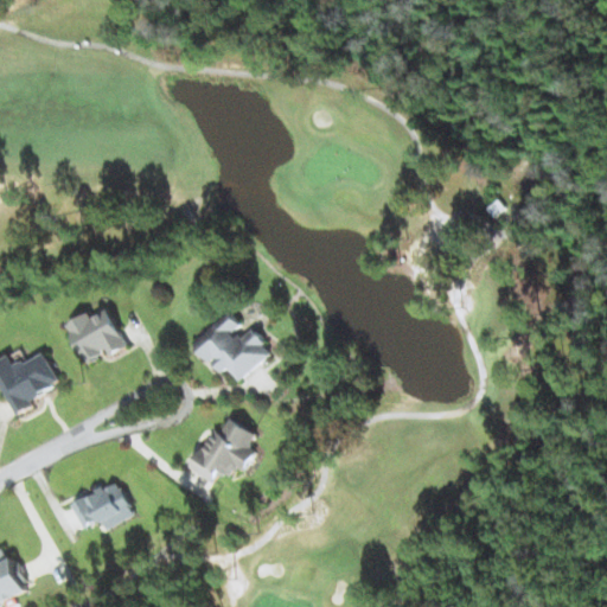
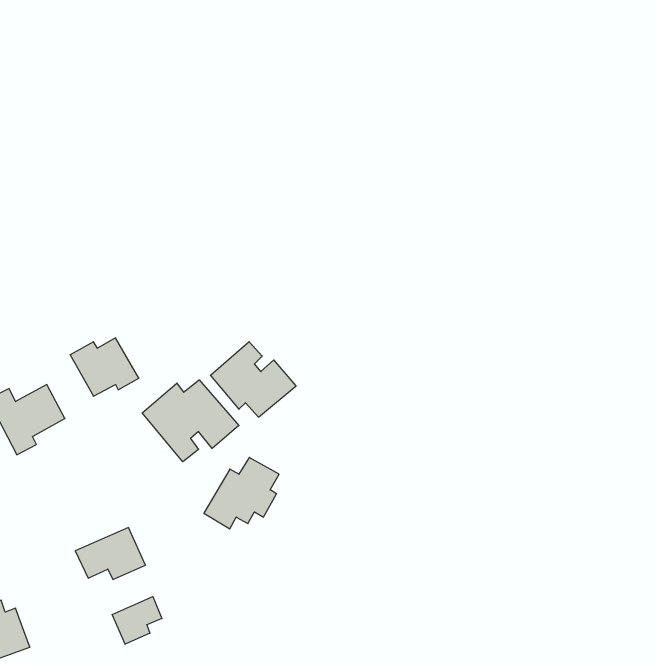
building: none -> [142,380,239,462]
building: none -> [112,597,162,644]

